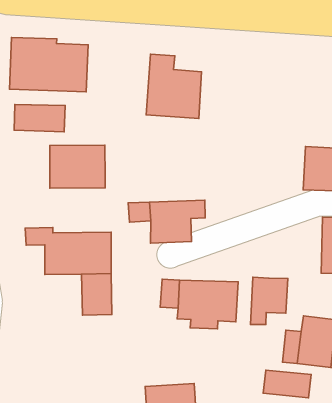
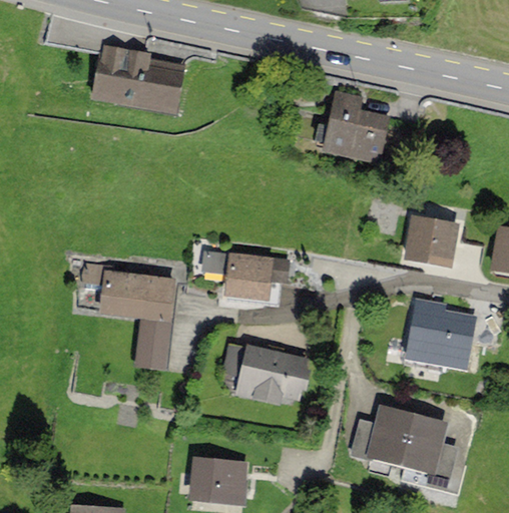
building: [146,54,201,119] -> [321,88,390,168]
building: [14,104,65,132] -> none
building: [50,145,105,188] -> none
building: [251,277,288,325] -> none
building: [263,370,311,398] -> none

